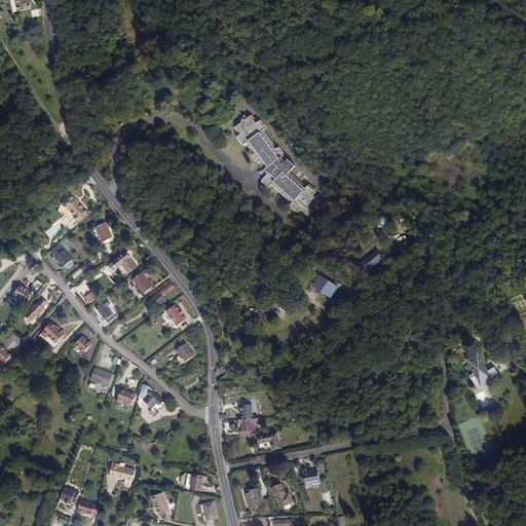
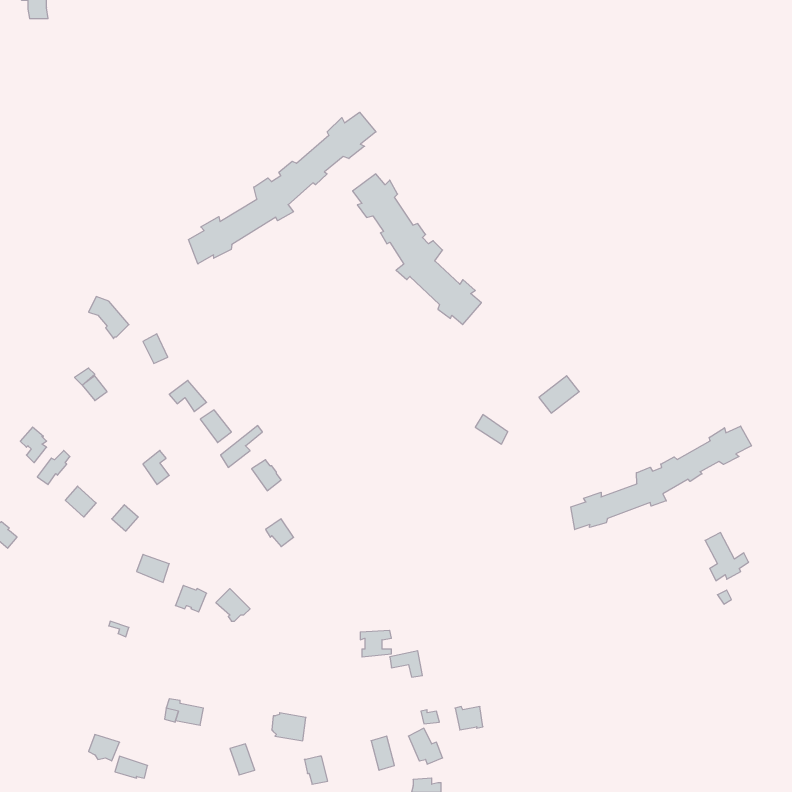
building: none -> [188,112,376,264]
building: none -> [571,426,751,530]

